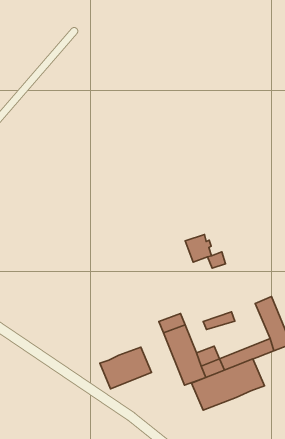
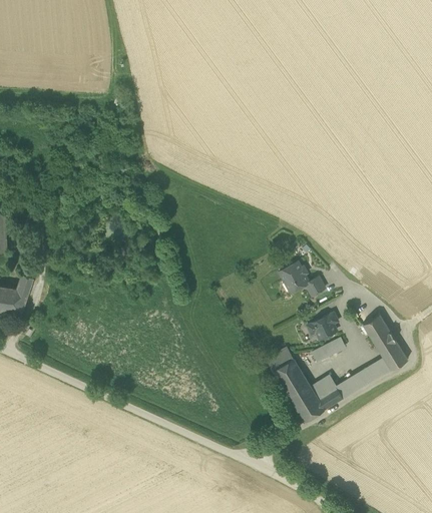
building: none -> [307,313,338,340]
building: [100,347,151,389] -> none
building: [192,359,264,410] -> none

